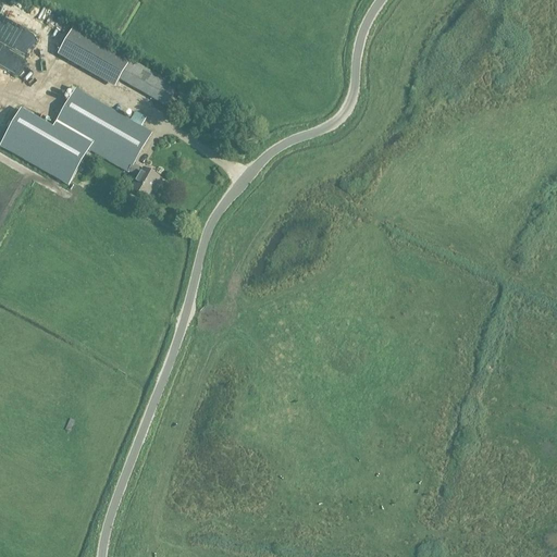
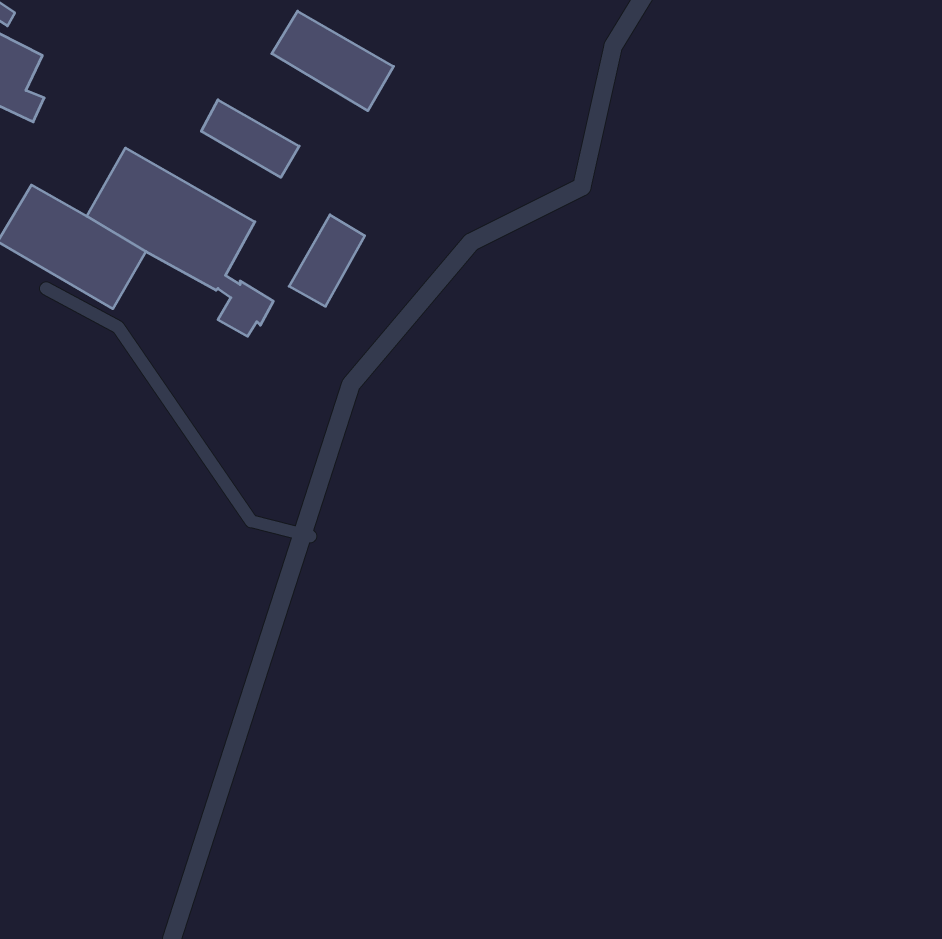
building: [55,25,127,84] -> [272,11,394,111]
building: none -> [289,215,365,306]

